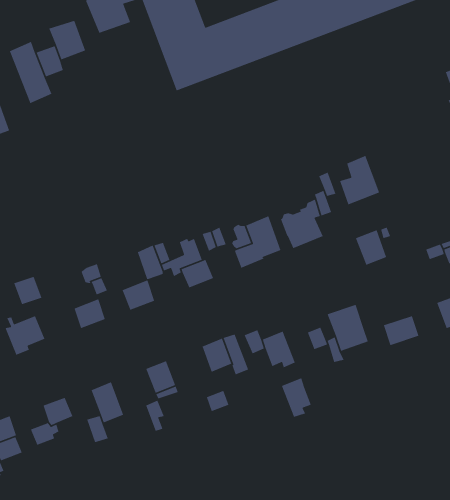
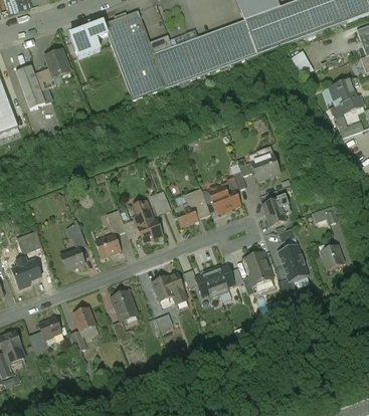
building: none -> [278,243,304,266]
building: [281,377,312,418] -> [211,264,233,293]

